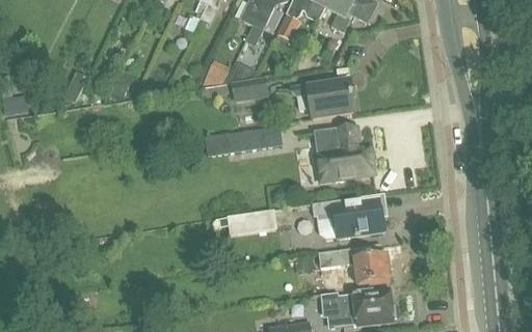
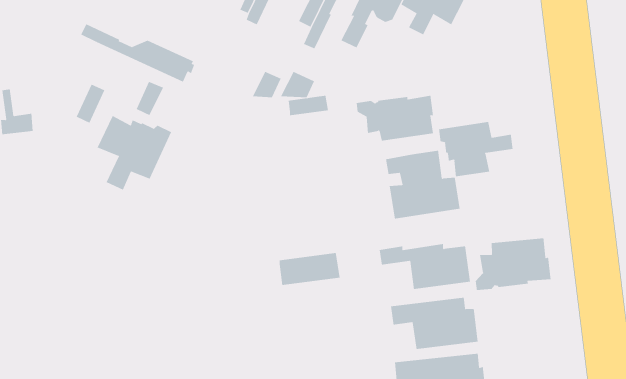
building: none -> [80,24,195,83]
building: none -> [97,115,172,191]
building: none -> [438,121,513,177]
building: [206,127,282,156] -> none
building: none -> [475,237,551,291]

